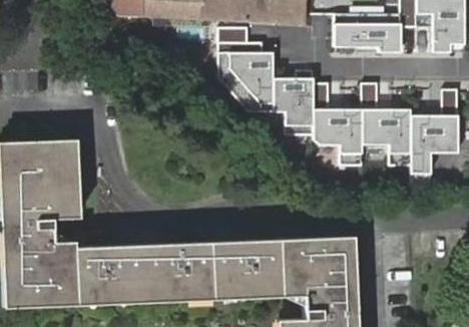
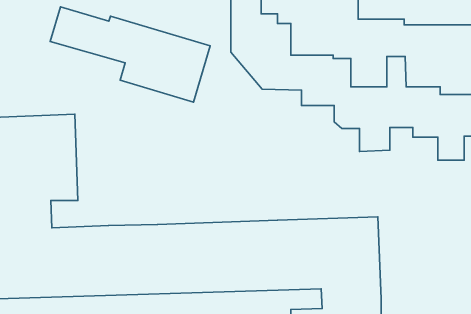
building: none -> [50,7,210,102]

